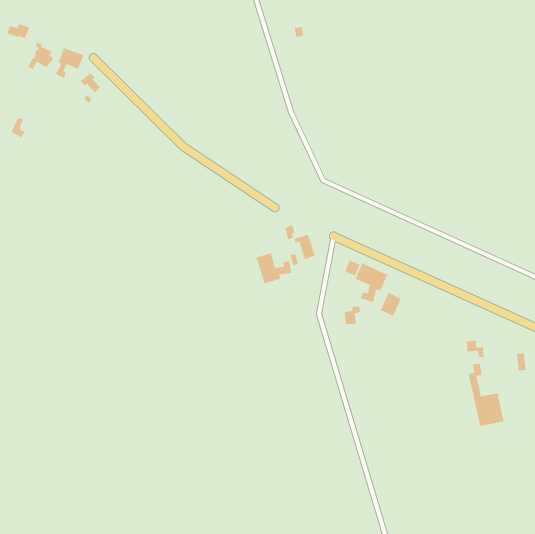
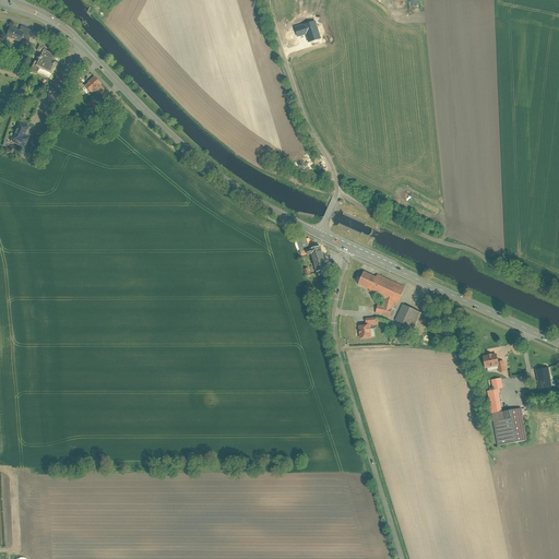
building: [55,47,84,79] -> none
building: [255,252,292,285] -> none

